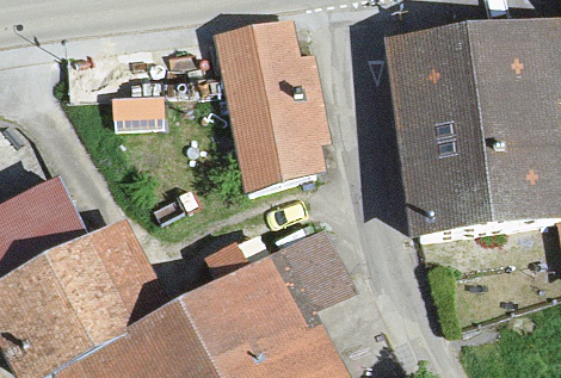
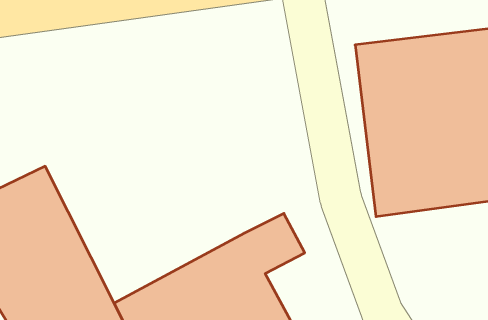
building: [217,25,327,193] -> none

